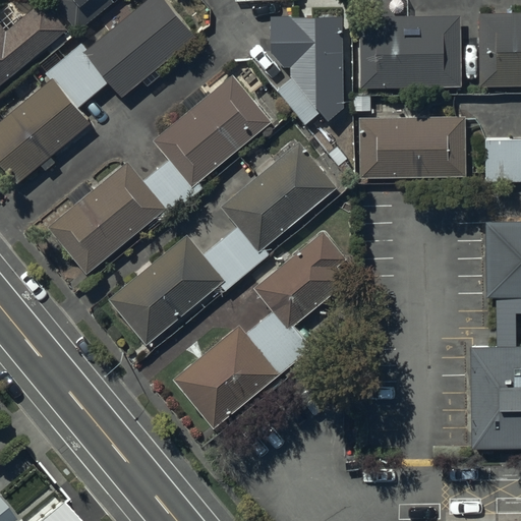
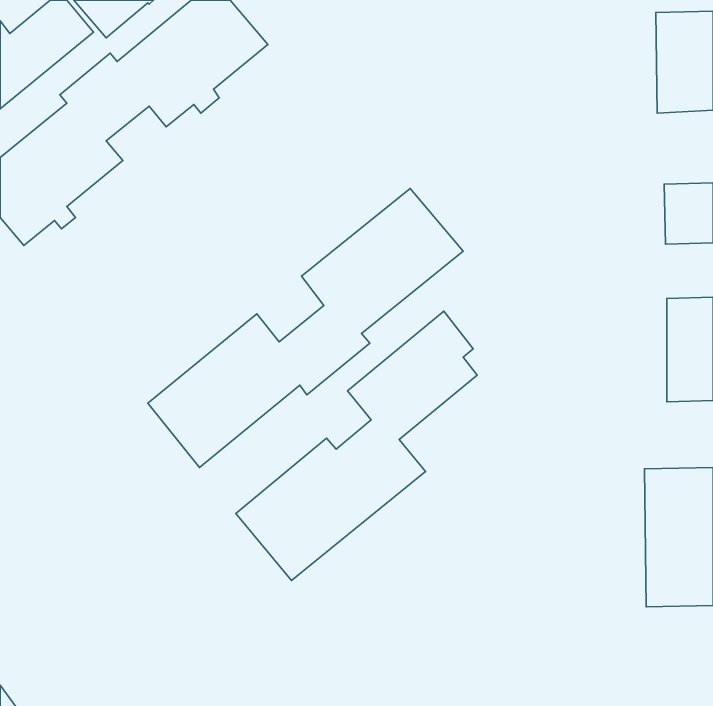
building: [270,16,343,125] -> none
building: [360,16,461,89] -> none
building: [47,74,272,276] -> none
building: [359,117,466,179] -> none

